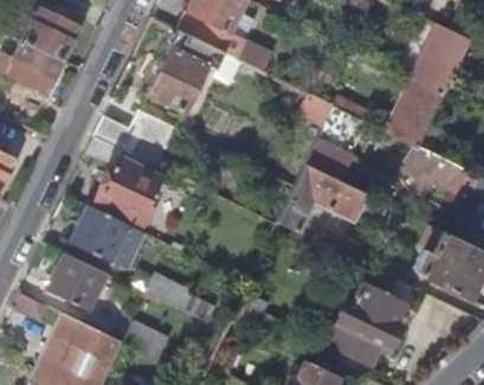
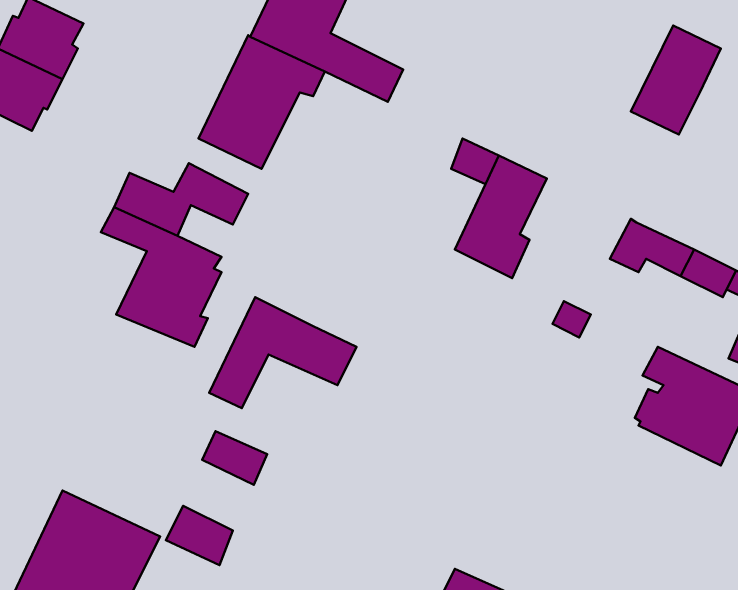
building: [389,79,444,148] -> none
building: [277,165,368,233] -> [209,297,357,408]
building: [70,207,129,262] -> none
building: [47,255,105,310] -> none
building: [336,272,414,366] -> none

